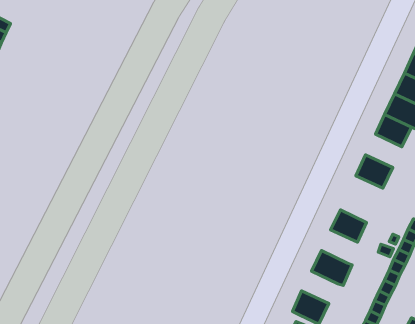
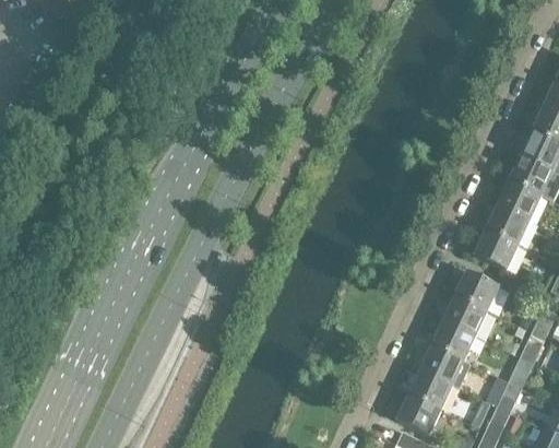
building: none -> [485,204,528,245]
building: none -> [454,271,498,311]
building: none -> [431,320,475,361]
building: none -> [407,370,451,410]

